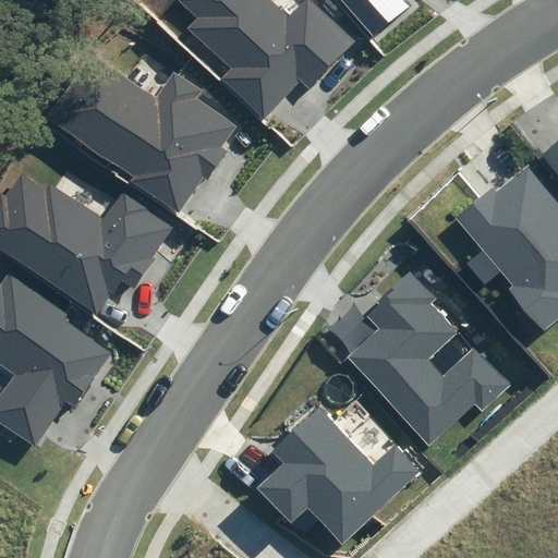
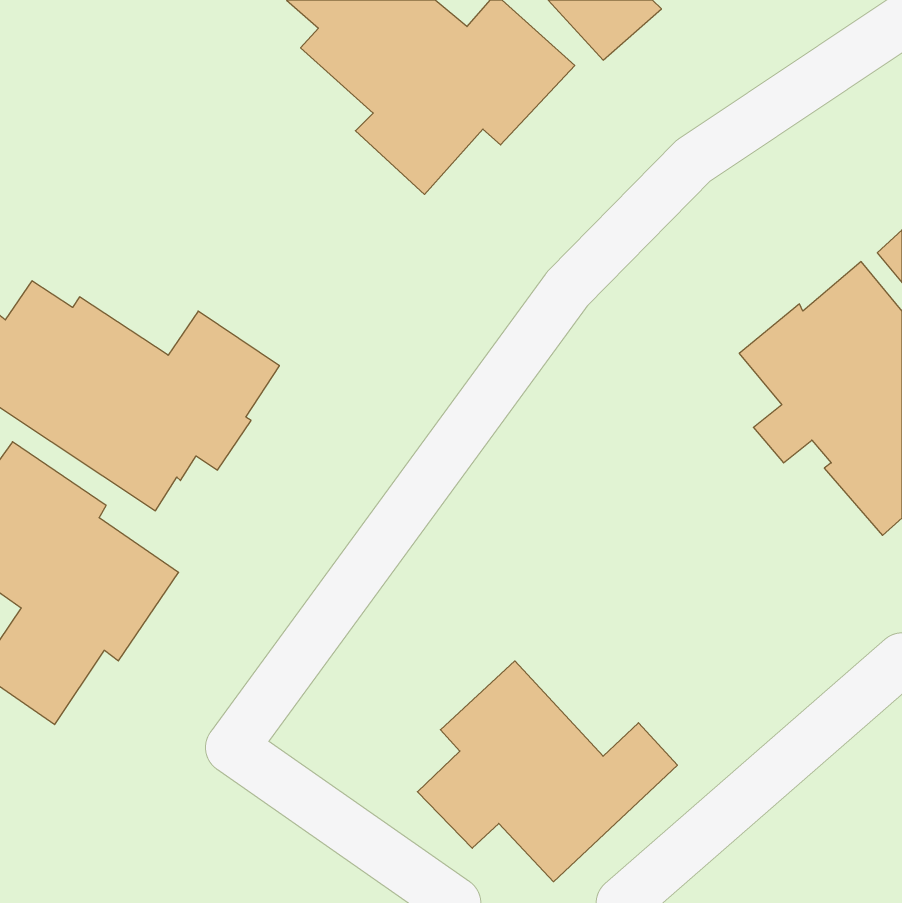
building: [54,58,234,214] -> none
building: [347,272,511,447] -> none

